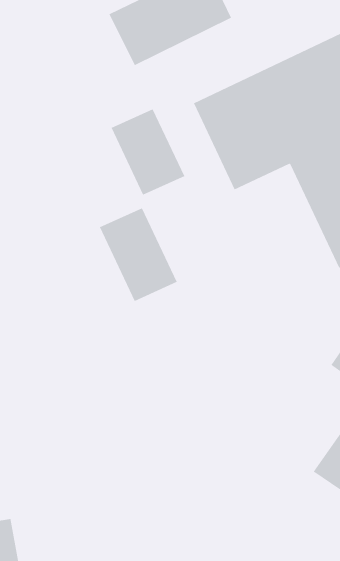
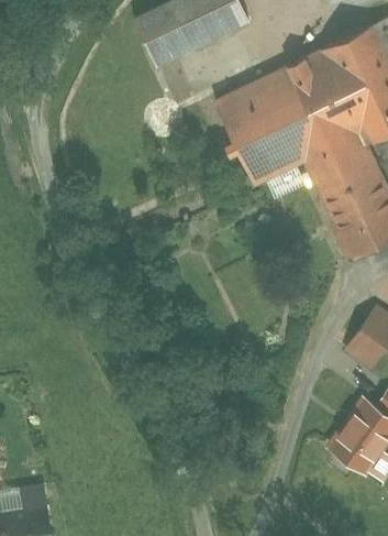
building: [111,108,185,196] -> none
building: [99,207,178,302] -> none

